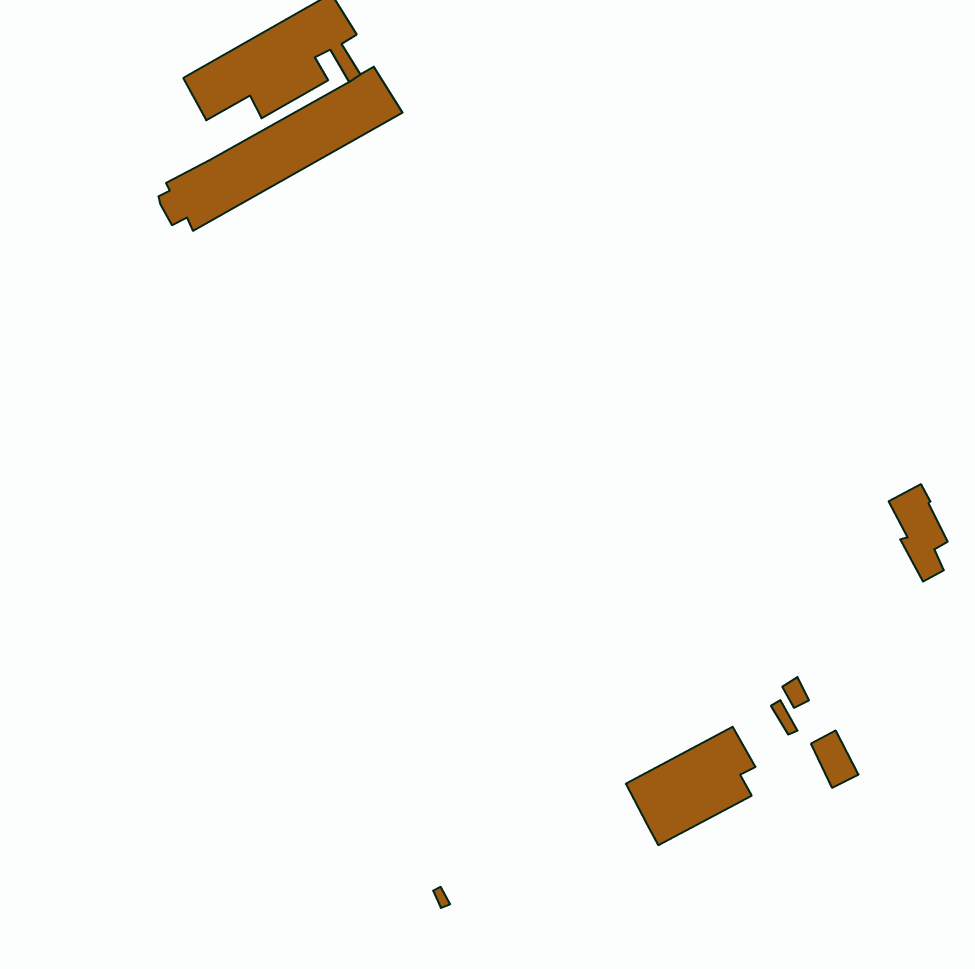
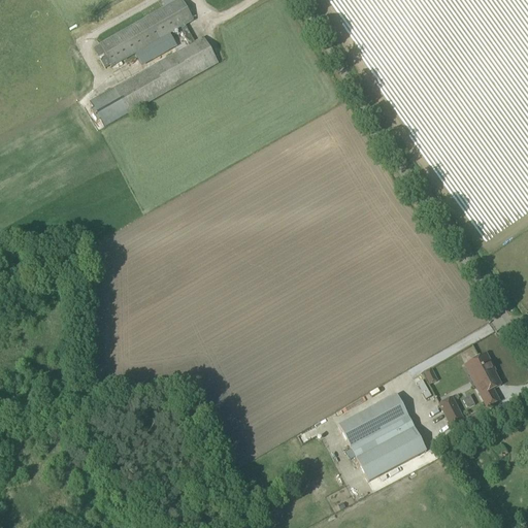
building: [889,484,948,582] -> [468,353,500,405]
building: none -> [356,426,427,481]

